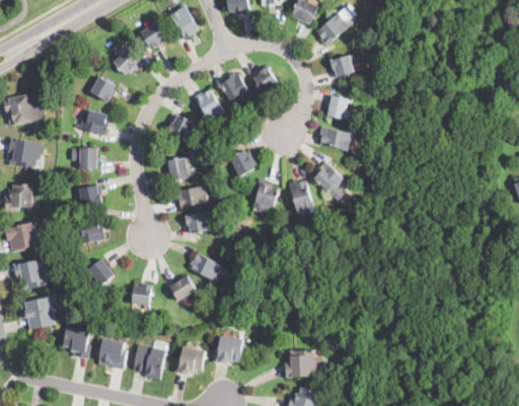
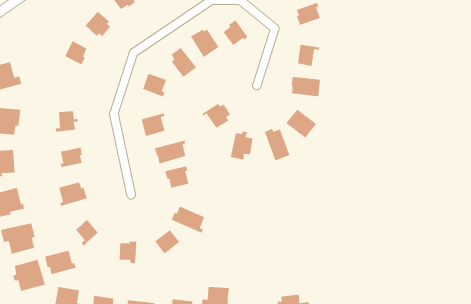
building: [76,108,108,135] -> none
building: none -> [44,250,77,275]

